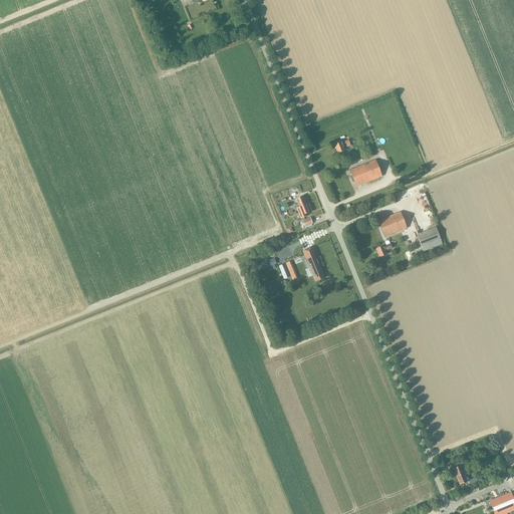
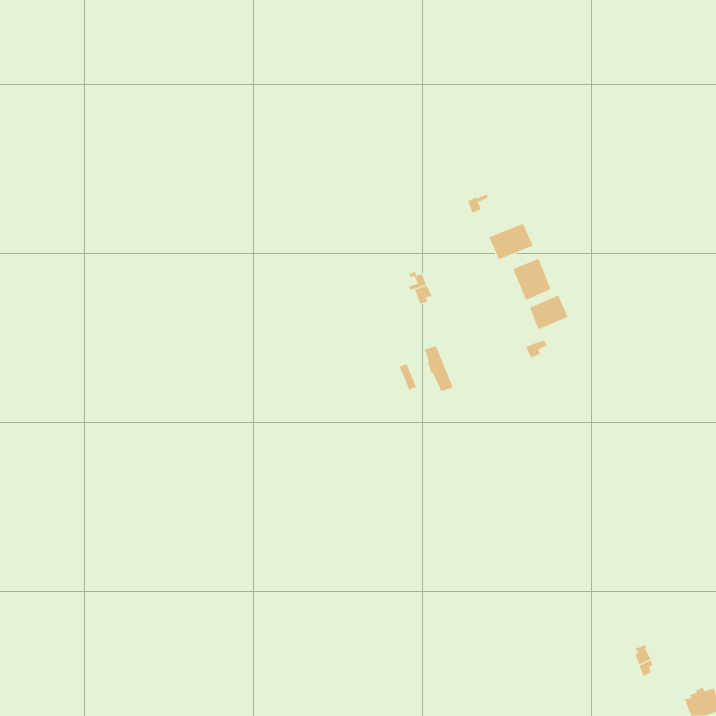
building: none -> [513,258,551,301]
building: [416,226,443,250] -> none

